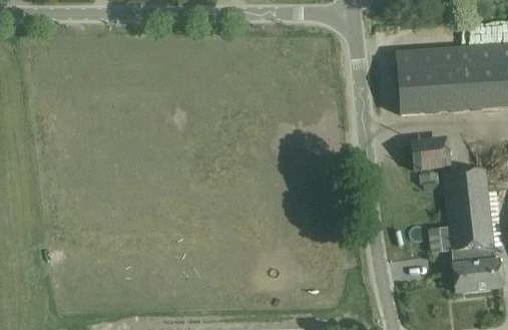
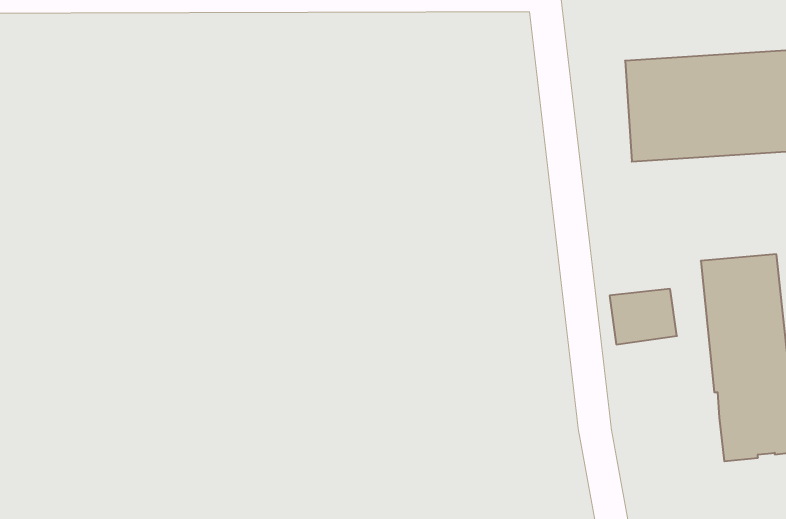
building: [410,137,450,171] -> [610,289,677,344]

